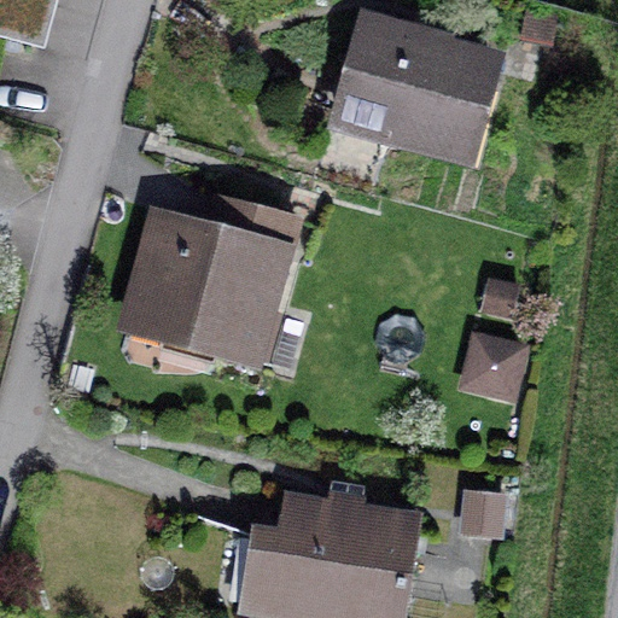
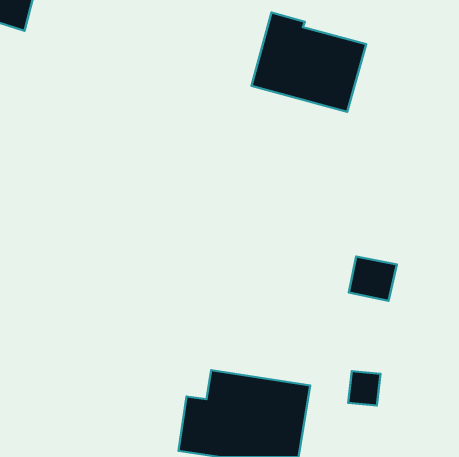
building: [126,199,293,355] -> none

